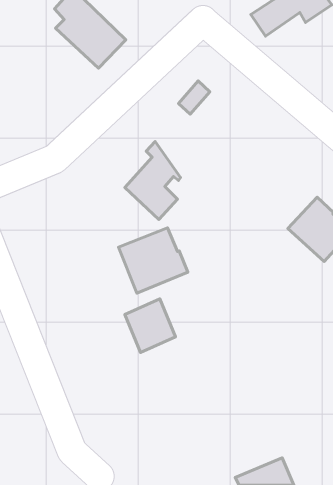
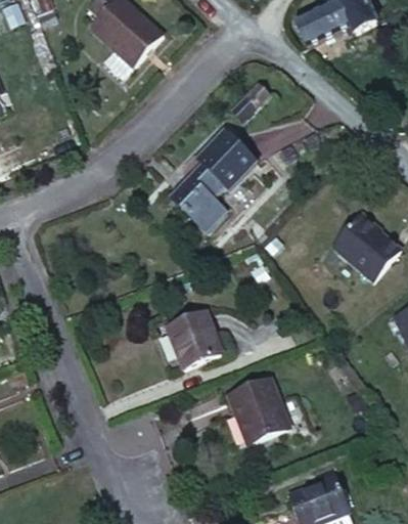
building: none -> [196,132,244,187]
building: [119,228,188,293] -> none
building: none -> [228,386,284,450]

